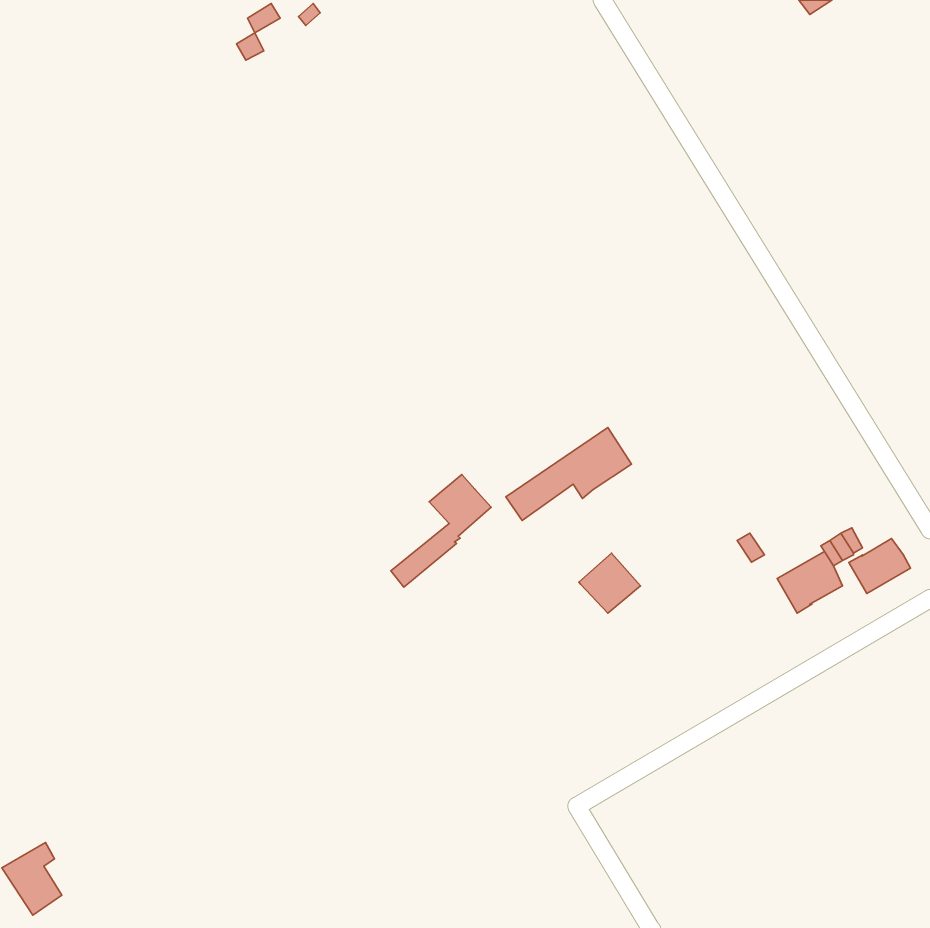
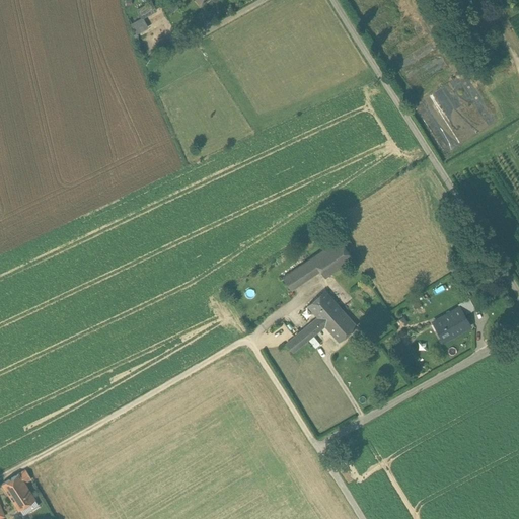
building: [391,474,491,587] -> [285,291,341,354]
building: [849,538,910,593] -> none

